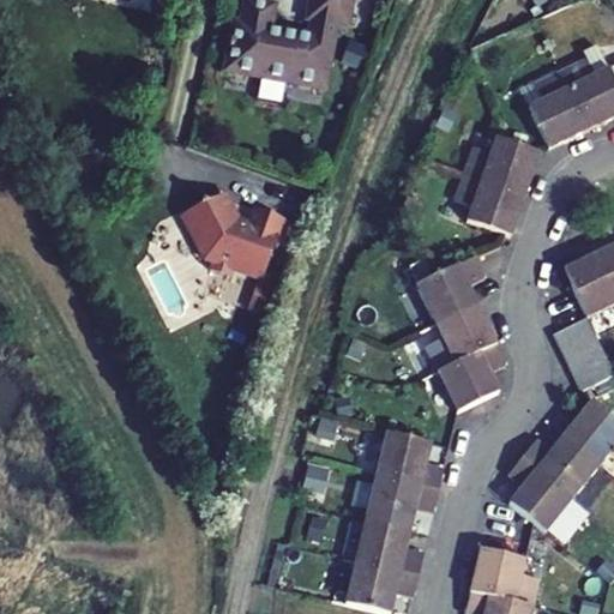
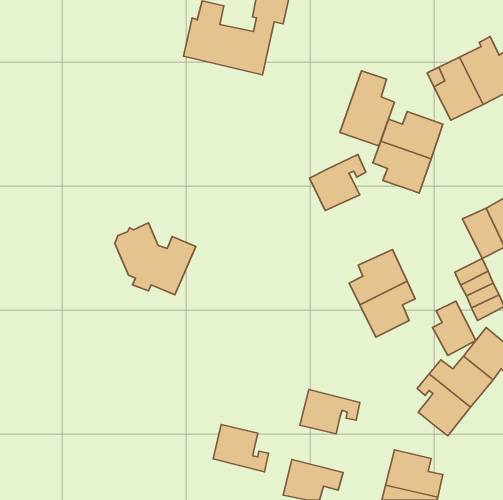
building: none -> [340,71,394,146]
building: [182,189,281,277] -> [115,223,196,295]
building: [417,254,486,323] -> [310,154,366,211]
building: none -> [433,301,476,355]
building: [377,431,444,489] -> none
building: [356,517,423,574] -> [213,424,269,472]

